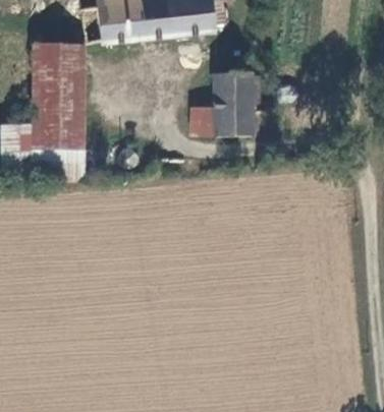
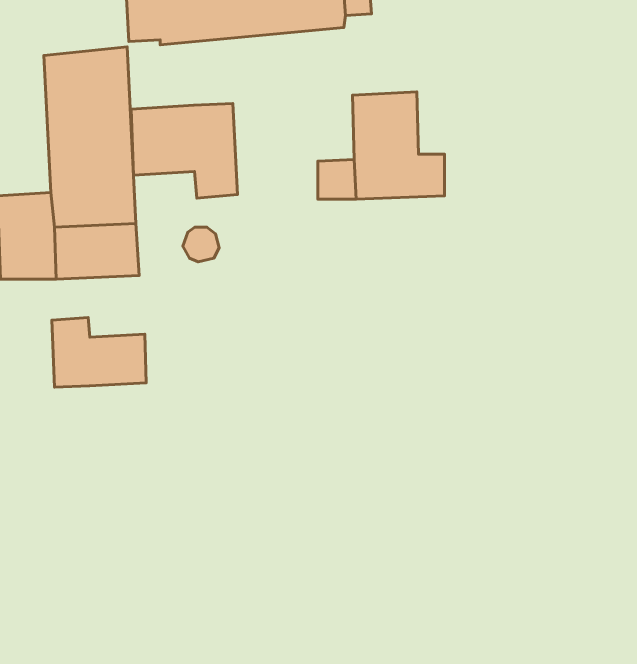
building: none -> [131,103,237,198]
building: none -> [52,317,146,387]

